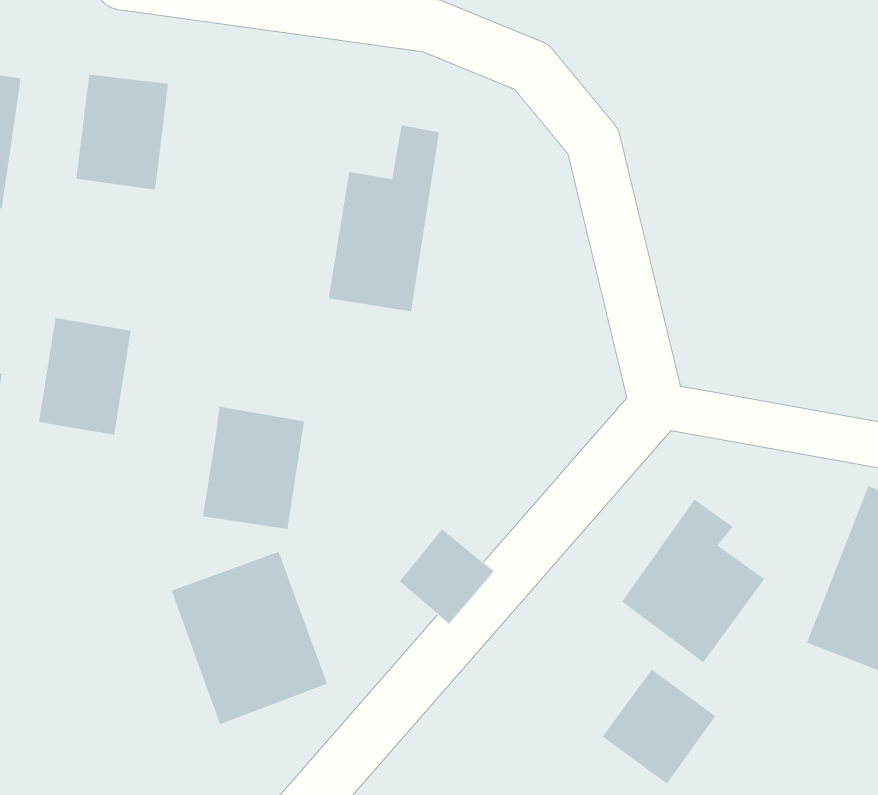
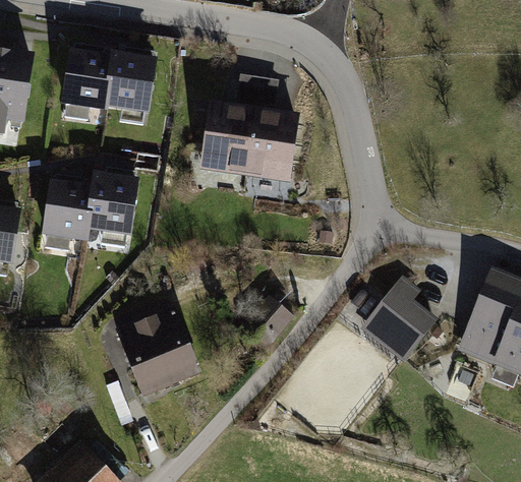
building: none -> [106,52,157,116]
building: none -> [245,78,301,183]
building: [202,406,305,530] -> [85,171,141,238]
building: [602,669,716,785] -> none

